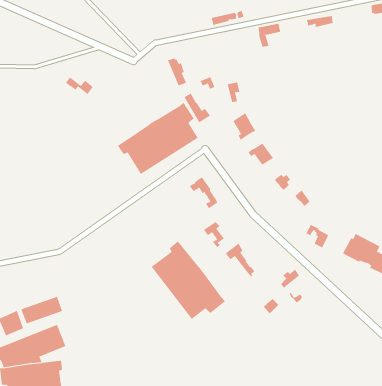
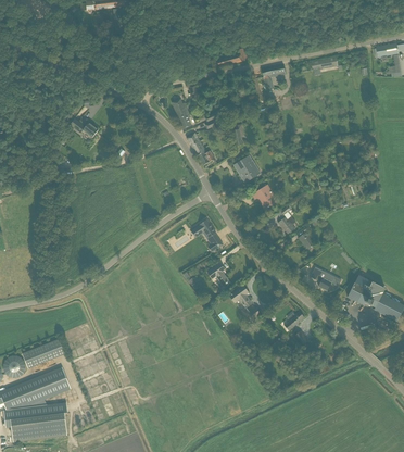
building: [117,102,199,175] -> none
building: [151,241,226,320] -> none

